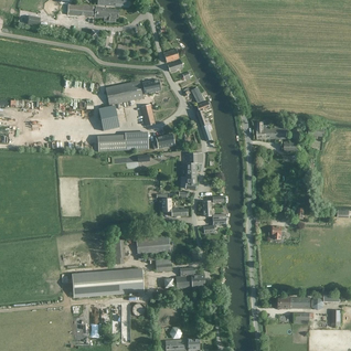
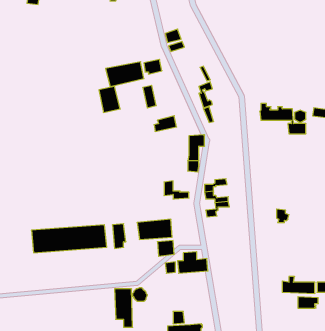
building: [97,132,148,151] -> none
building: [71,268,145,296] -> [31,225,107,253]

